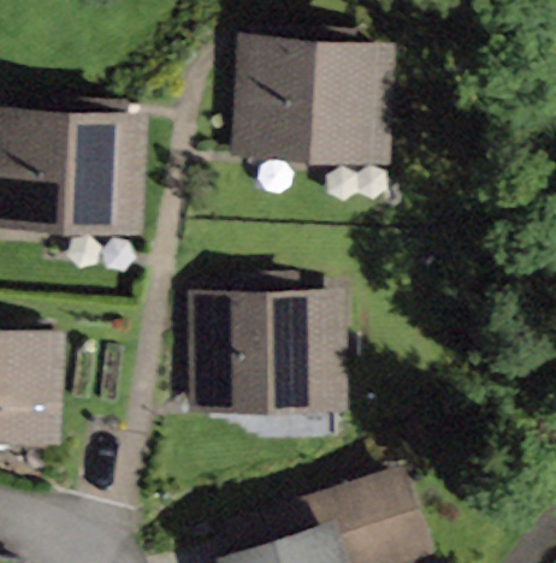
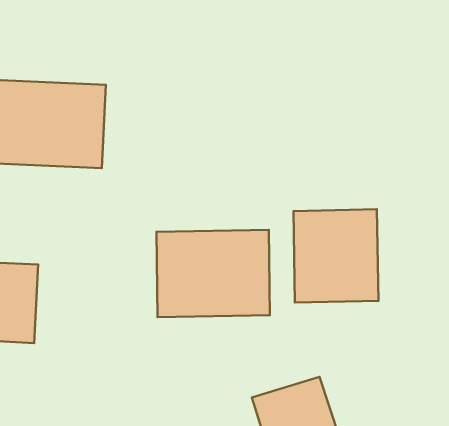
building: [239,42,384,153] -> none
building: none -> [293,209,378,302]

